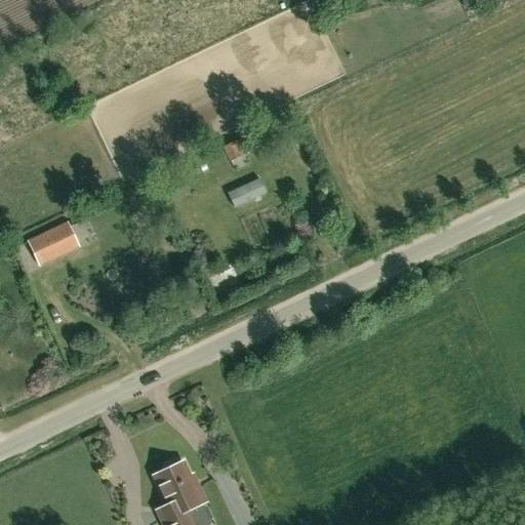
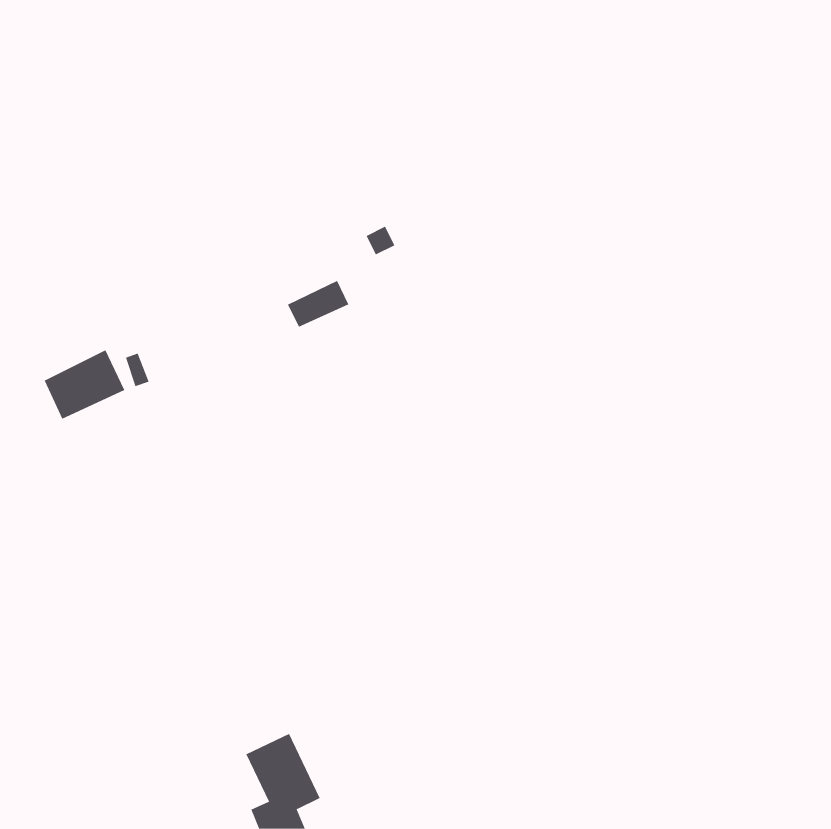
building: [227,176,266,206] -> [287,280,349,327]

